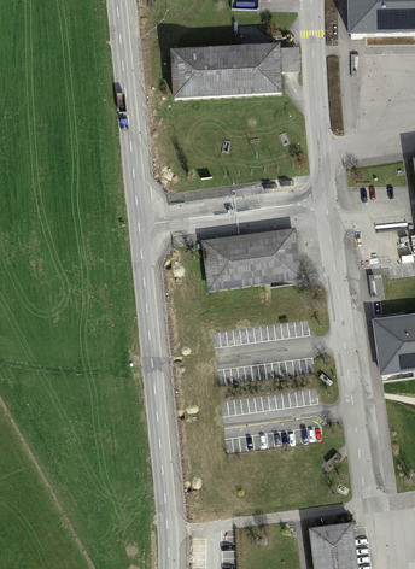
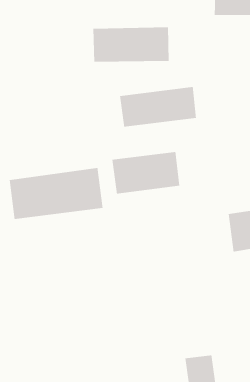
building: none -> [119,86,197,127]
building: none -> [9,167,103,220]

